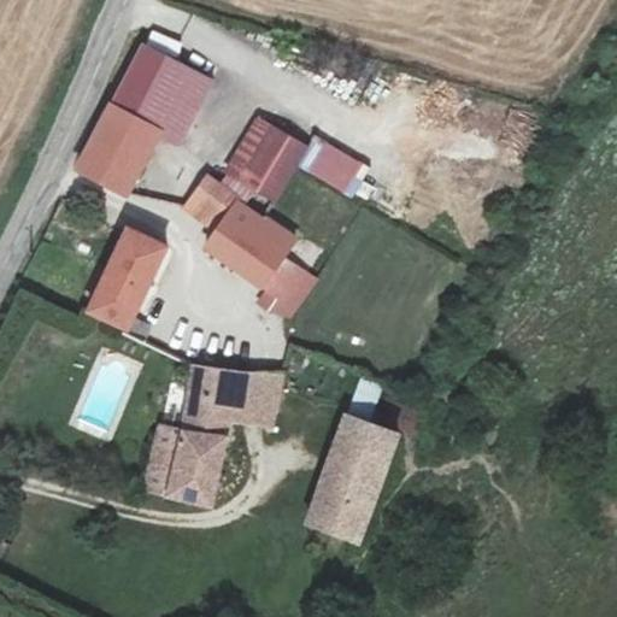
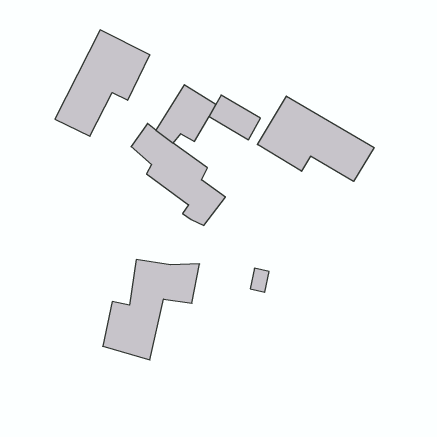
building: none -> [257,96,374,181]
building: [86,227,164,329] -> none
building: [310,417,395,540] -> none

